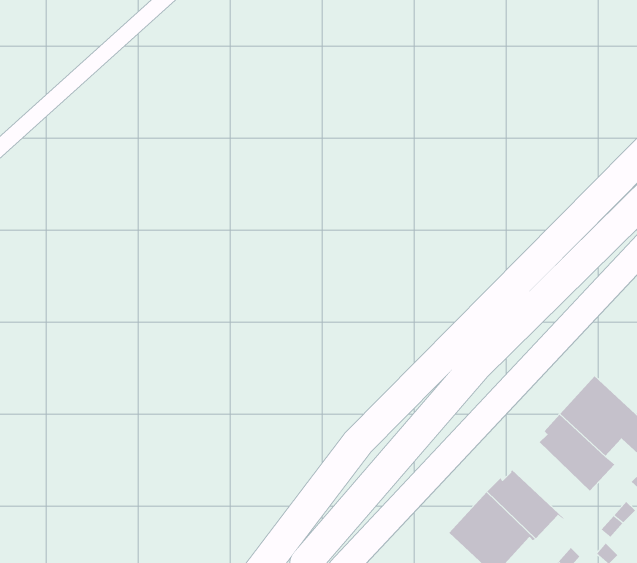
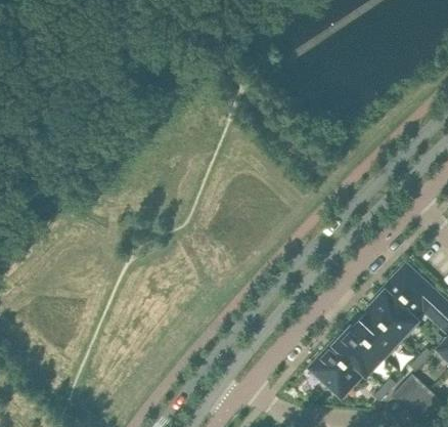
building: none -> [352,309,402,358]

